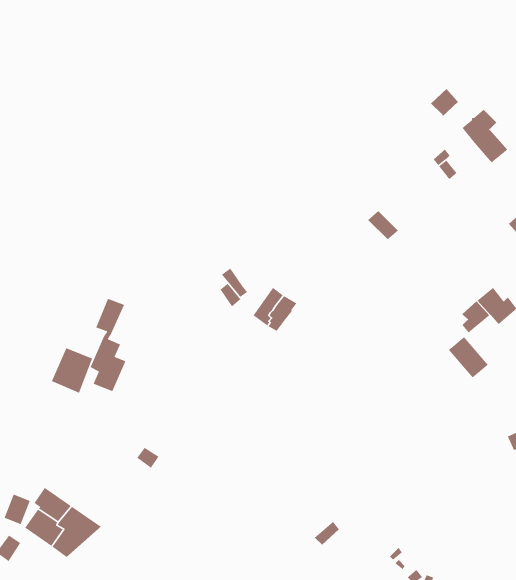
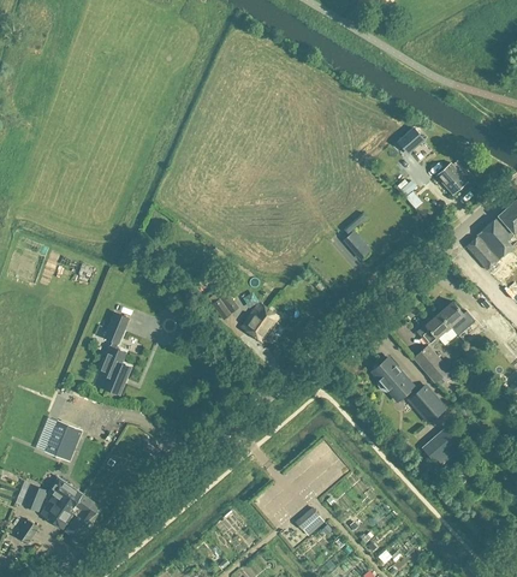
building: [51,347,93,394] -> [43,421,81,462]
building: none -> [372,357,412,400]
building: none -> [408,385,444,422]
building: none -> [422,428,460,466]

